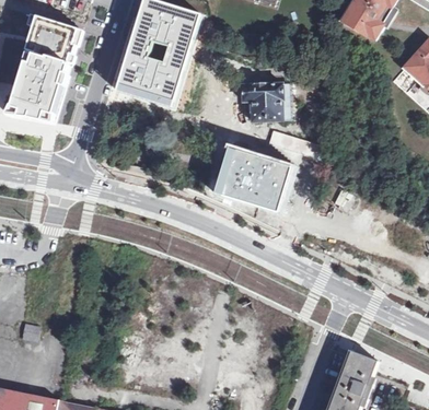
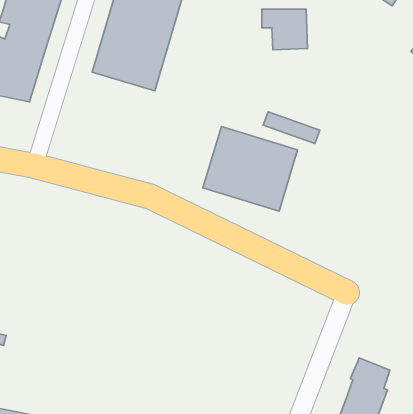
building: [243,85,283,121] -> [262,9,307,50]

